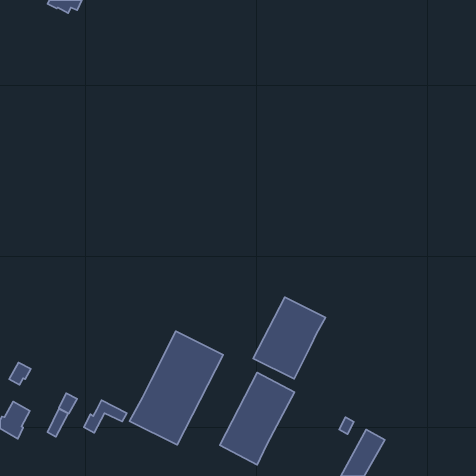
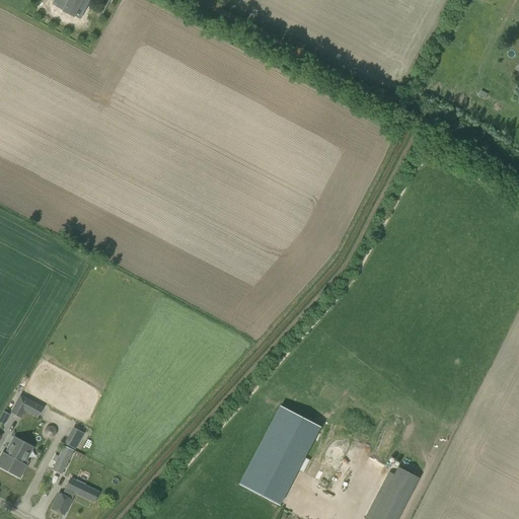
building: [253,297,326,379] -> none
building: [130,331,223,445] -> none
building: [84,400,127,433] -> [52,478,98,514]

